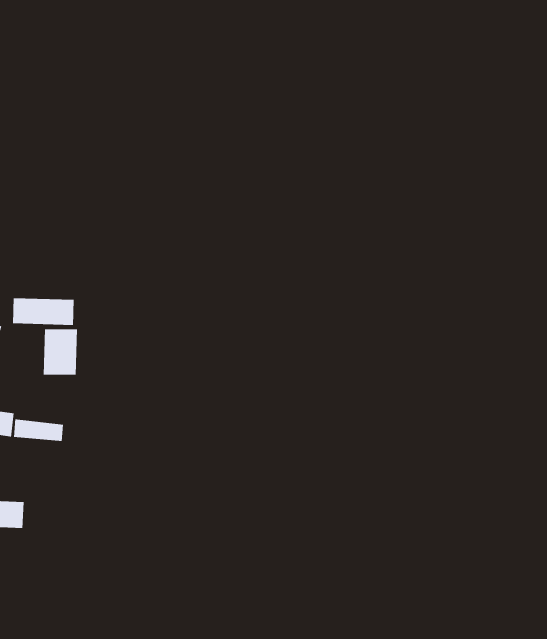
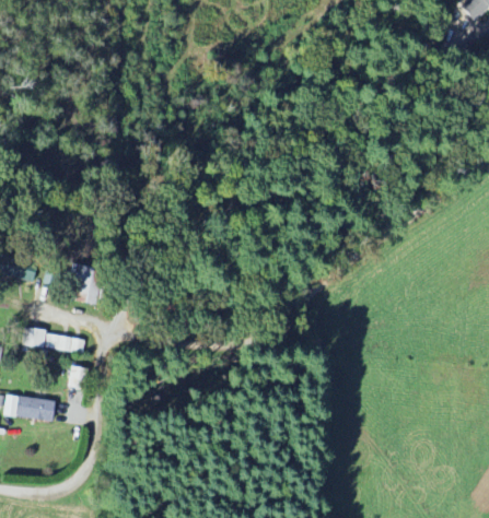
building: [12,297,74,326] -> none

